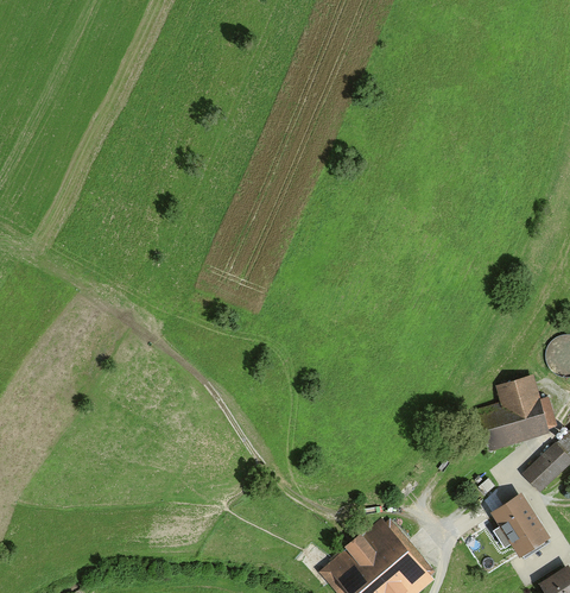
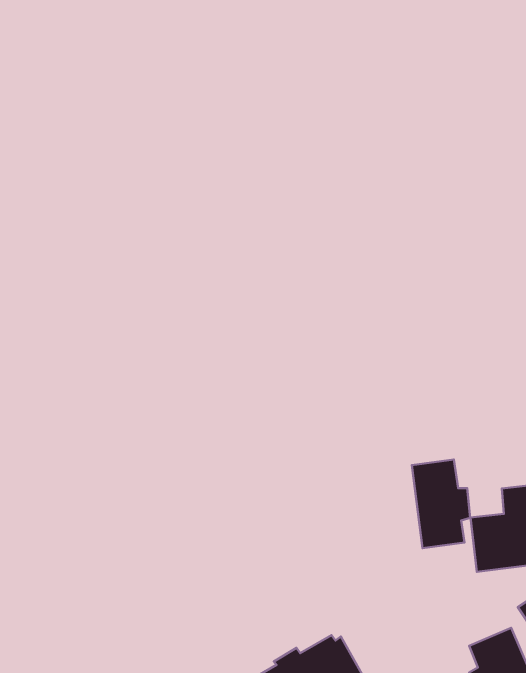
building: none -> [412,459,470,548]

